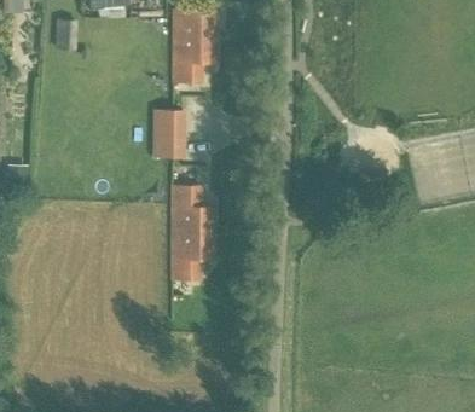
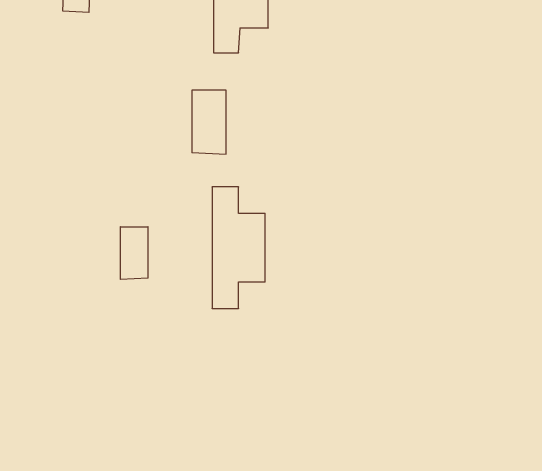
building: none -> [120,227,148,279]

